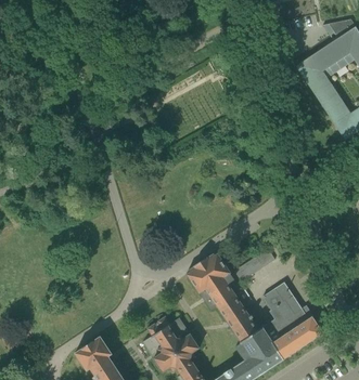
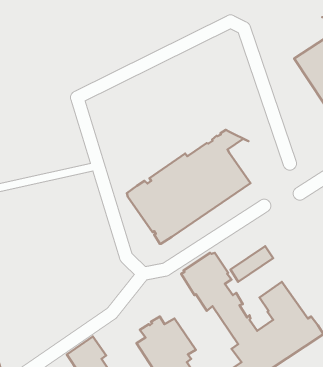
building: none -> [127,130,251,244]

